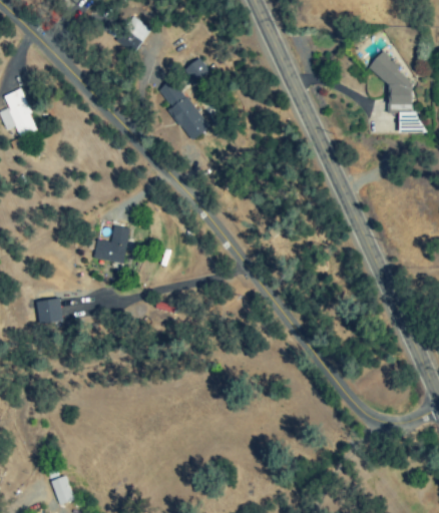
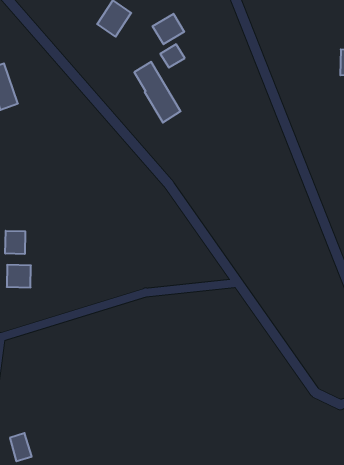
building: none -> [153,14,184,44]
building: [94,225,130,263] -> none
building: none -> [5,231,25,254]

